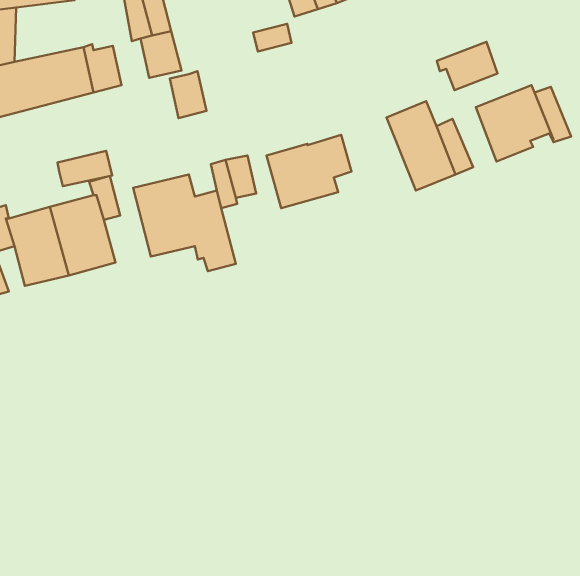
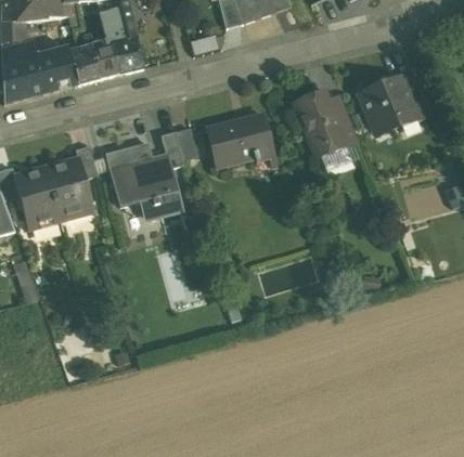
building: [437,42,497,90] -> none
building: [170,71,206,118] -> [91,43,118,78]
building: [57,151,112,186] -> none

